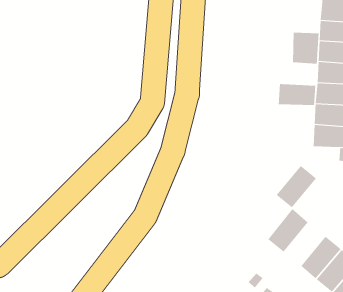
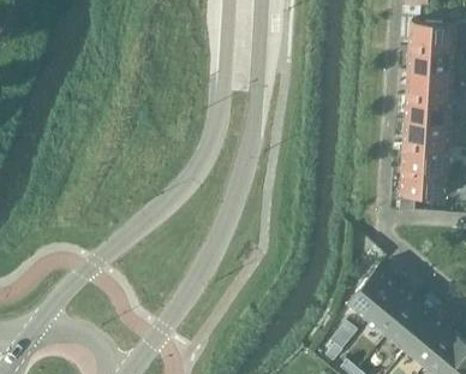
building: [293,32,319,64] -> none
building: [270,83,316,106] -> none
building: [276,165,317,208] -> [366,284,414,334]

